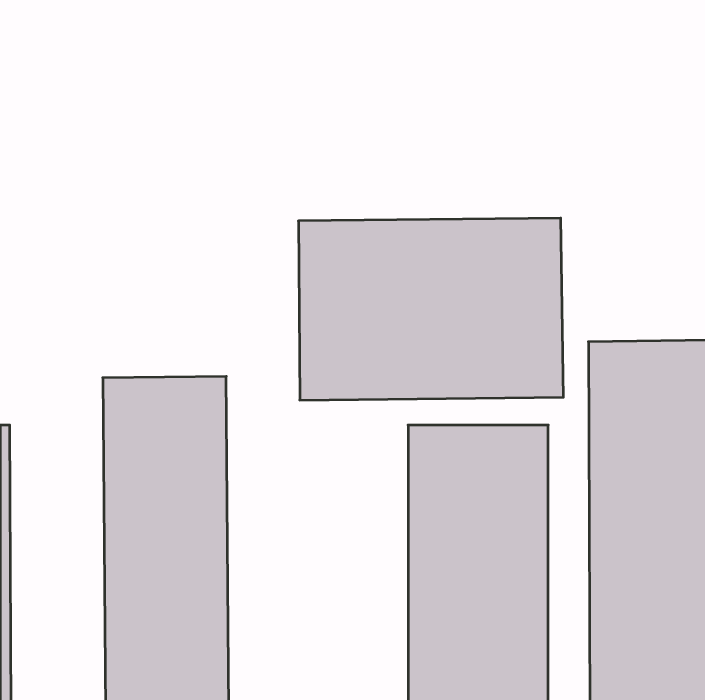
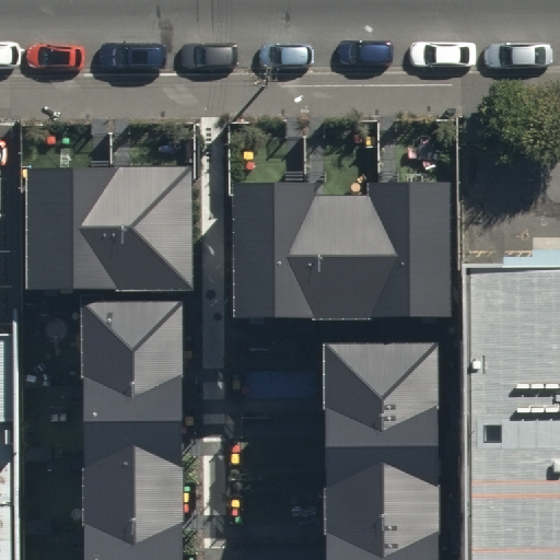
building: none -> [37,161,188,296]

